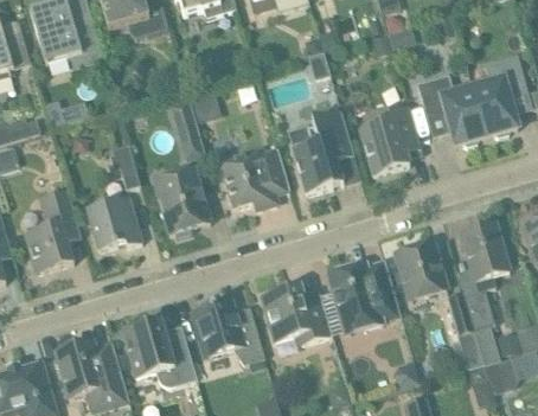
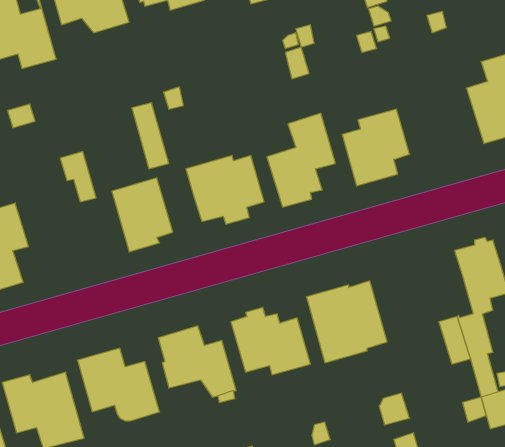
building: [416,73,486,146] -> none
building: [85,194,141,250] -> none
building: [395,242,446,300] -> none

